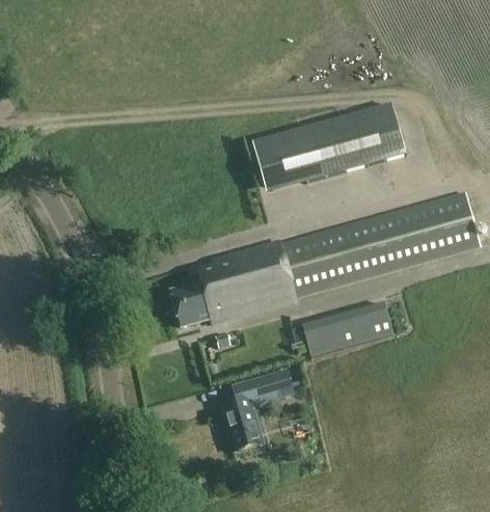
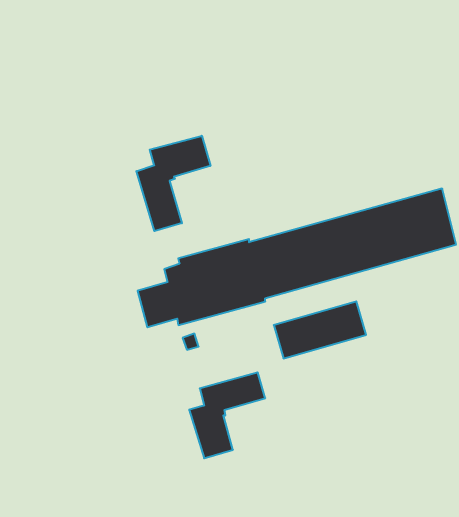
building: [252,105,406,186] -> none
building: none -> [136,136,210,231]

